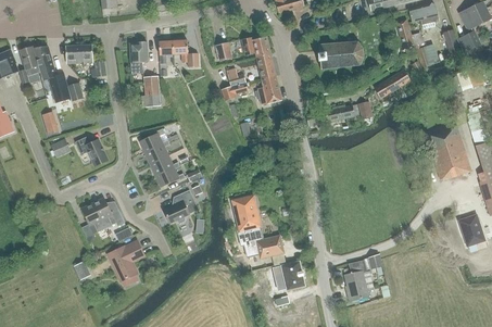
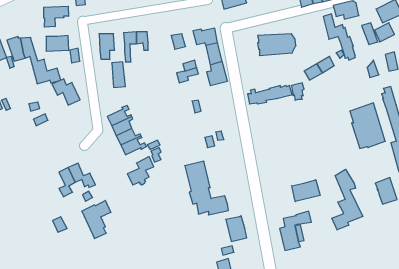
building: none -> [44,6,69,27]
building: [75,134,109,165] -> [52,79,80,105]
building: none -> [332,169,363,230]
building: none -> [292,180,320,202]

